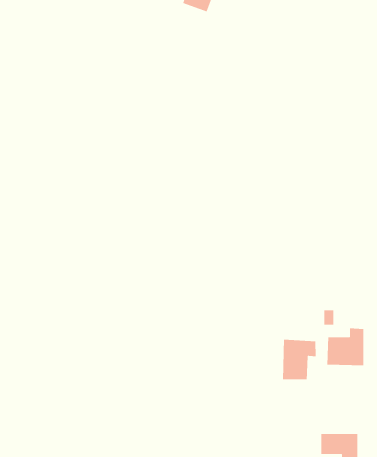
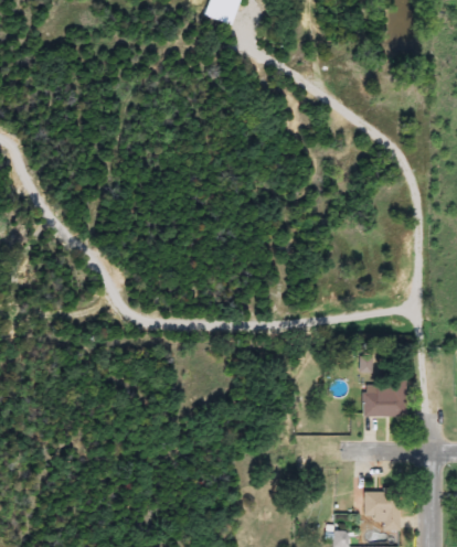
building: [282,339,316,380] -> none

